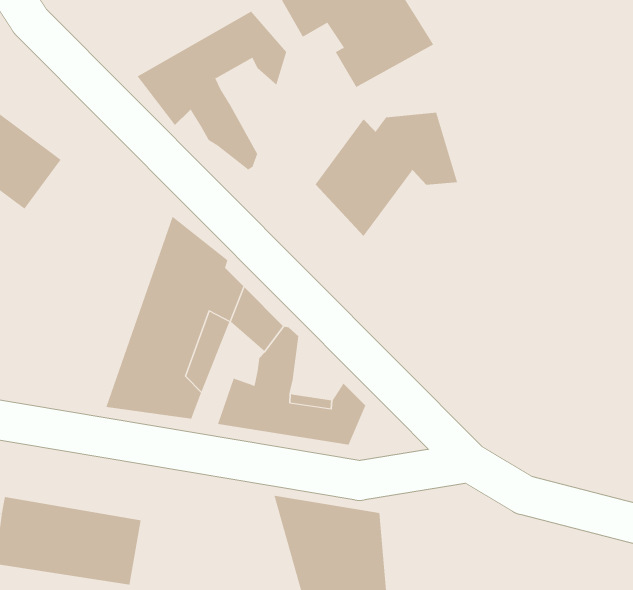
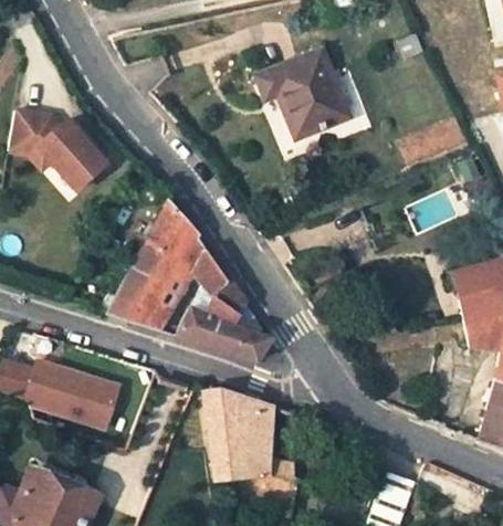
building: [137,11,287,170] -> none
building: [315,112,458,237] -> none

